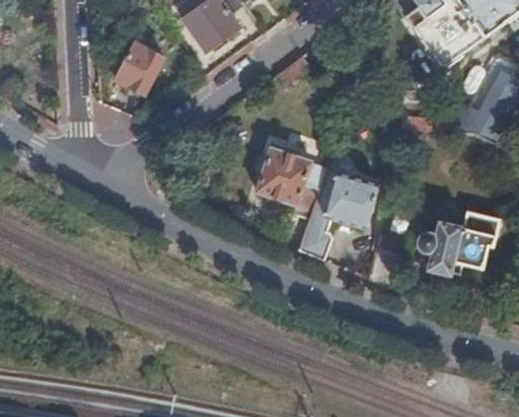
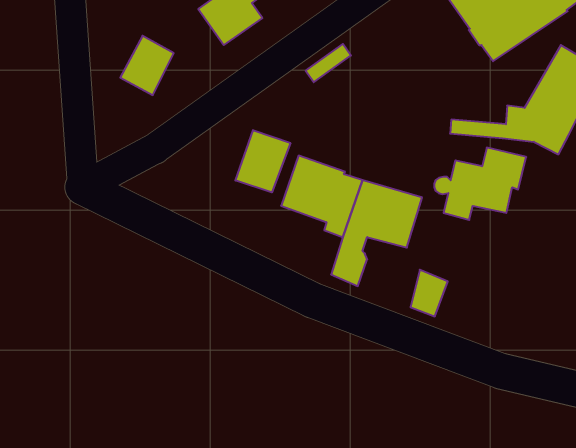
building: none -> [235,130,290,192]
building: [421,210,501,273] -> [434,148,526,220]

